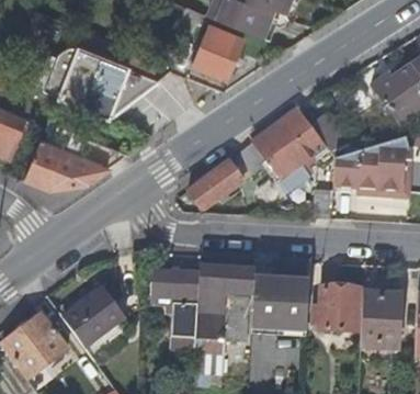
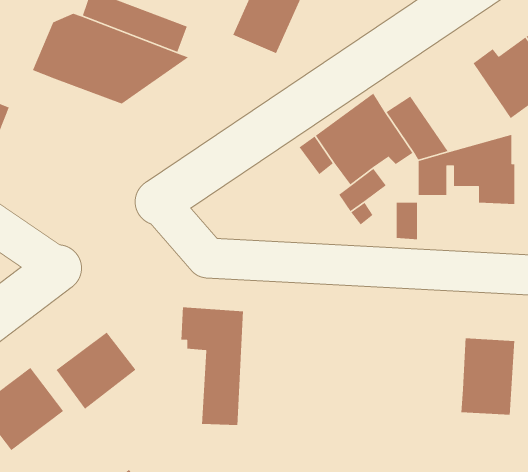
building: [26,133,127,192] -> none
building: [185,156,249,210] -> none
building: [194,269,256,376] -> none
building: [266,284,308,325] -> none
building: [311,285,364,330] -> none

